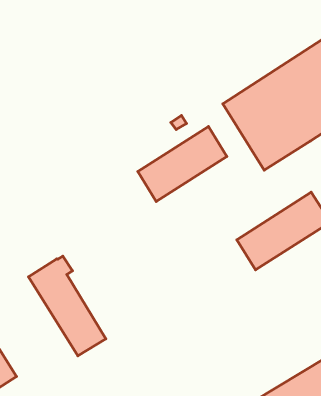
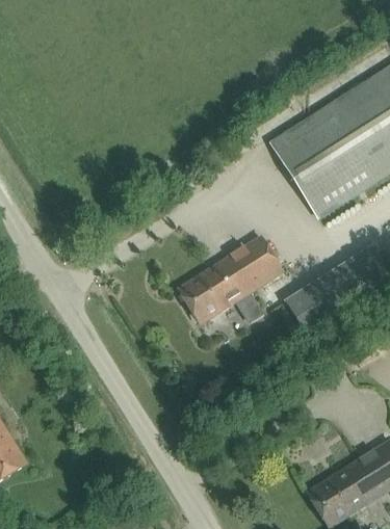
building: [138,126,227,201] -> [178,236,283,324]
building: [28,256,106,356] -> none

